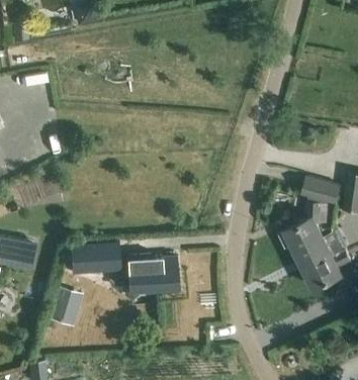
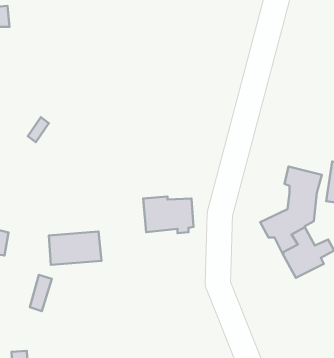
building: [127,255,178,291] -> [143,197,194,233]

